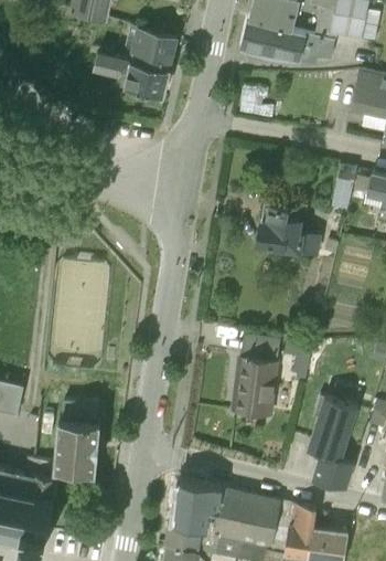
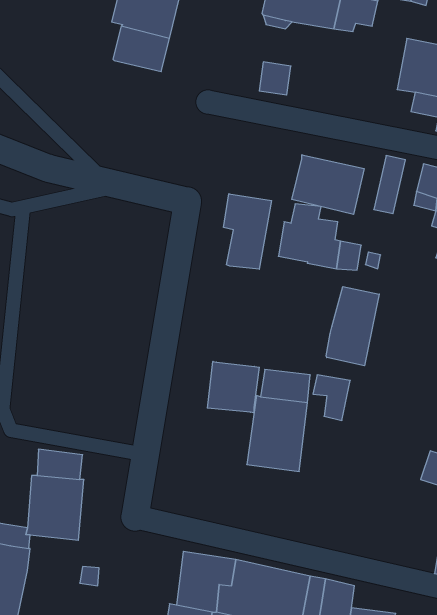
building: [94,52,131,91] -> none
building: none -> [292,155,364,214]
building: none -> [224,194,272,269]
building: none -> [326,287,379,366]
building: none -> [207,361,259,413]
building: [307,395,358,490] -> none

